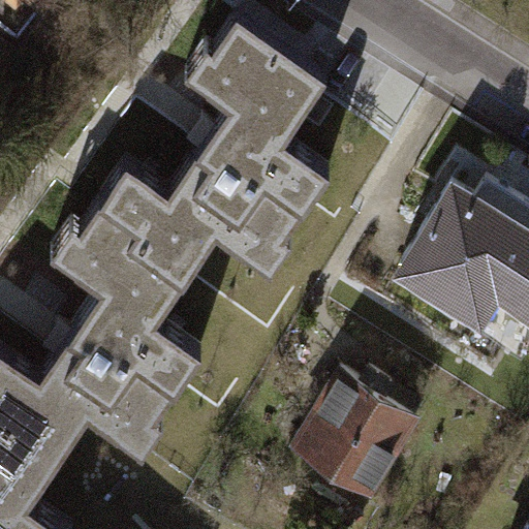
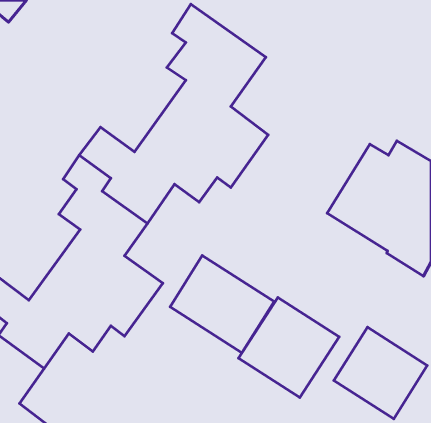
building: none -> [170,256,274,353]
building: none -> [334,327,427,419]

